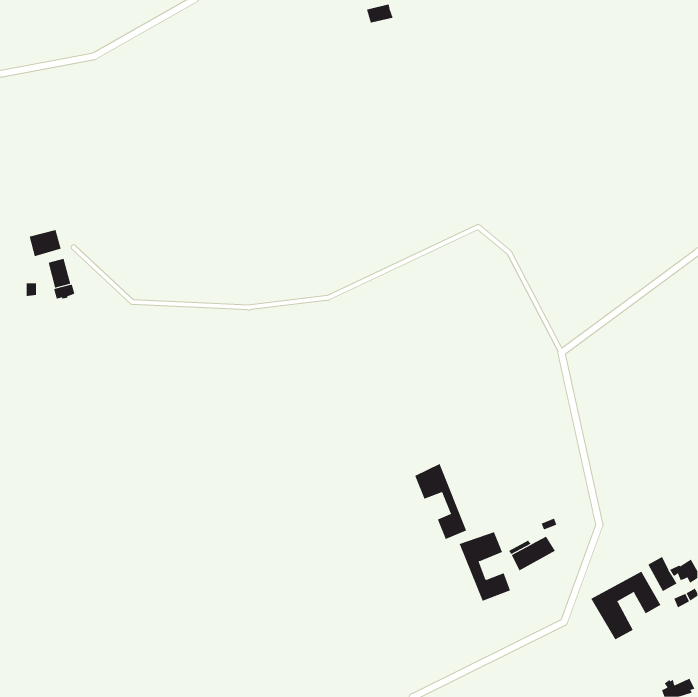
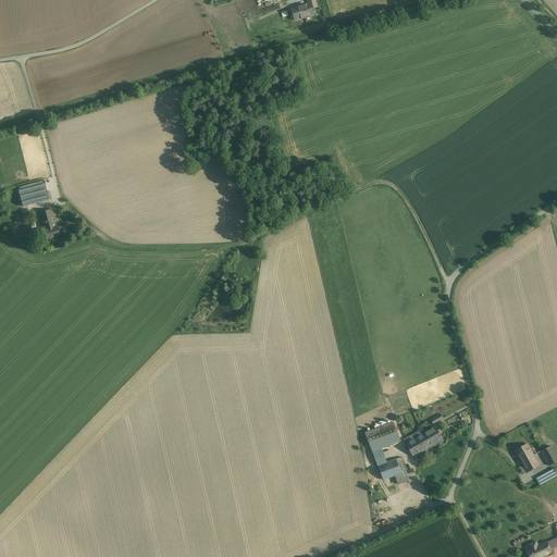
building: [414,463,467,540] -> none
building: [591,571,661,640] -> none

